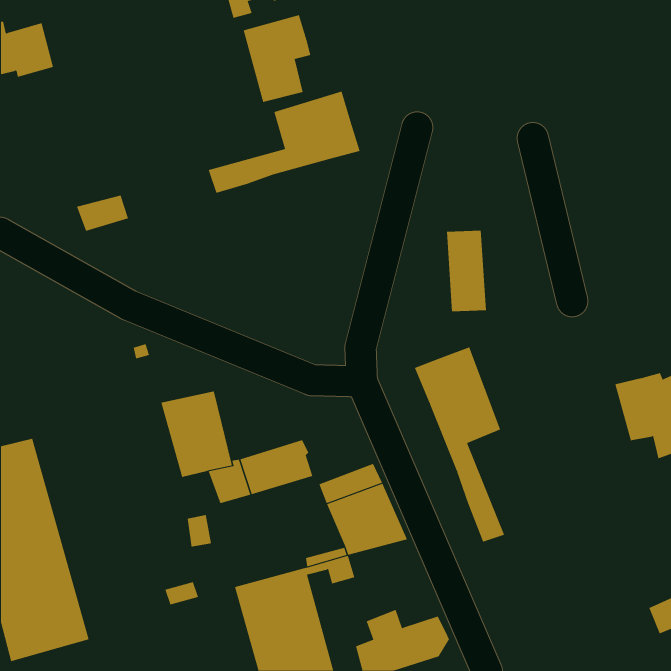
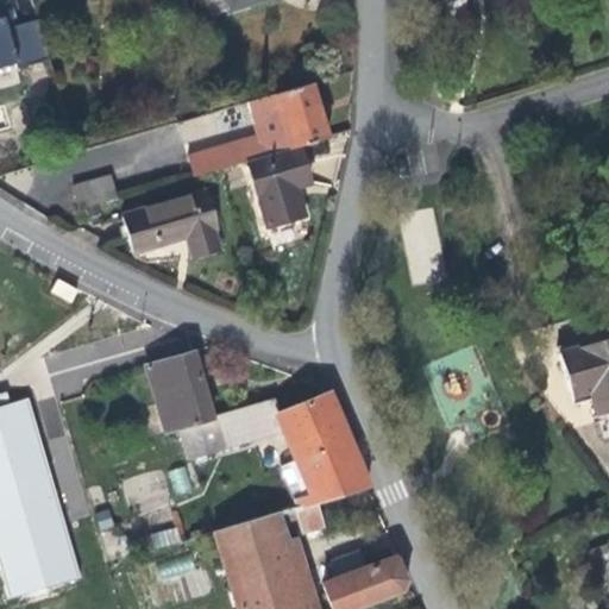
building: [243,14,311,103] -> [249,144,310,224]
building: none -> [124,190,222,256]
building: [414,346,505,543] -> none
building: none -> [278,390,339,438]

